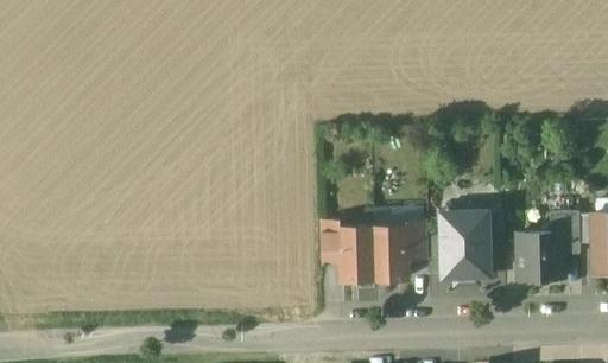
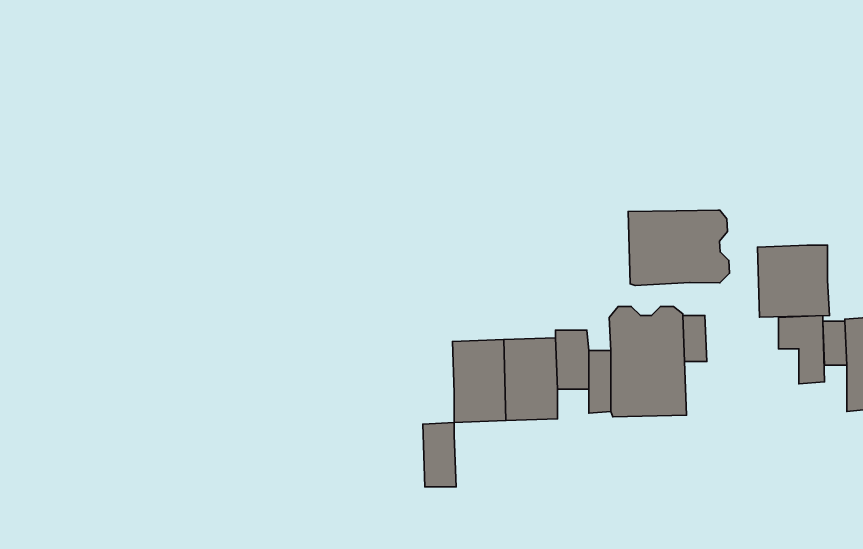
building: none -> [628,210,729,285]
building: [319,219,341,261] -> [423,422,456,487]
building: [518,233,564,279] -> [758,245,829,317]

